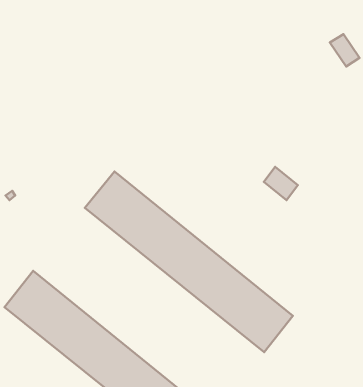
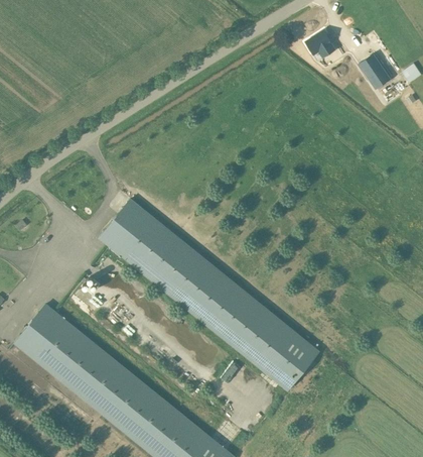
building: none -> [304,29,333,60]
building: [264,167,298,200] -> none

